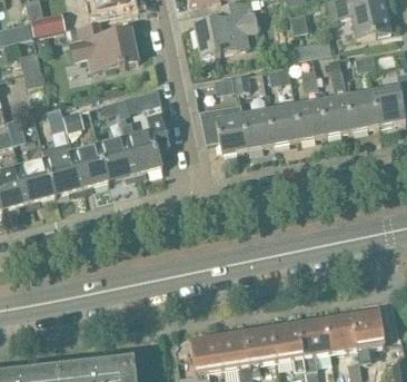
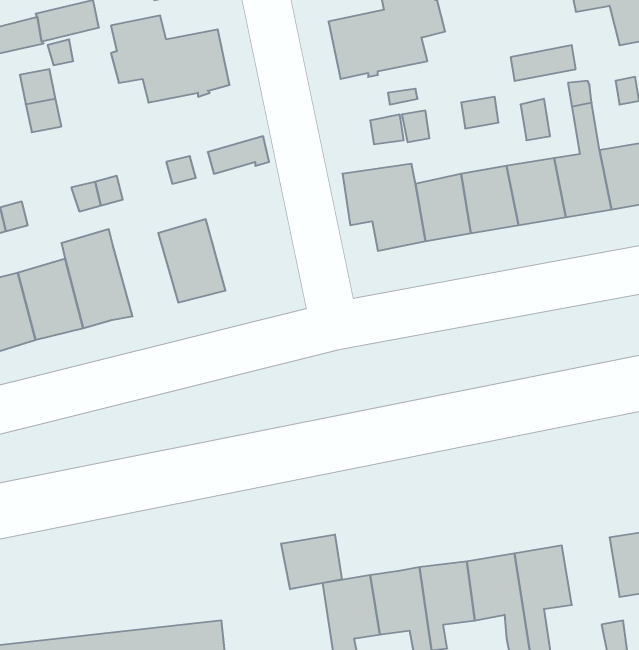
building: [121,112,169,175] -> none
building: [72,143,109,189] -> none
building: none -> [281,534,342,589]
building: [325,314,357,352] -> none

